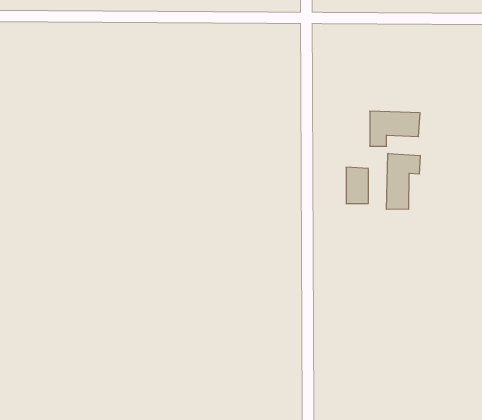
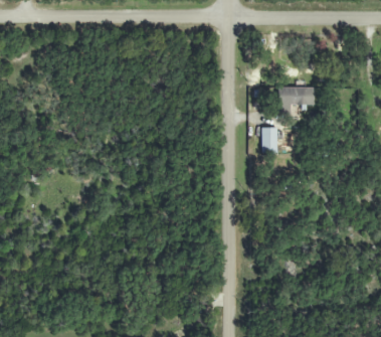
building: [386,153,420,209] -> none

